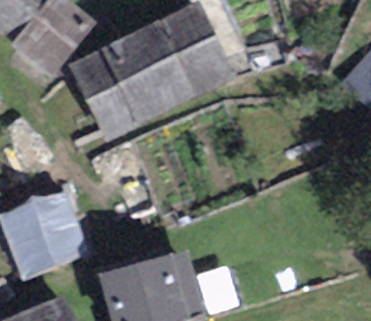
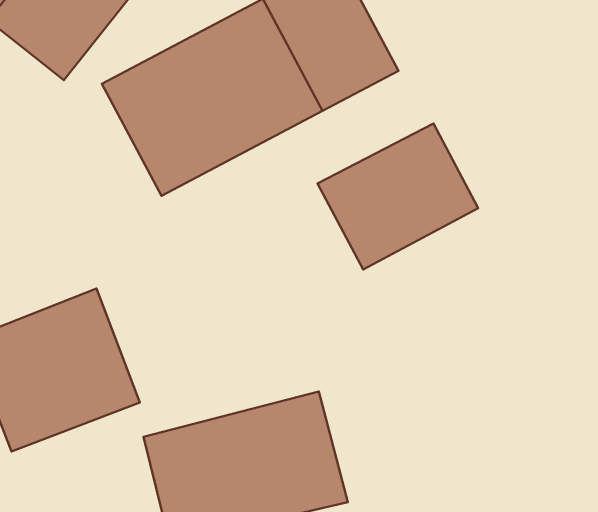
building: none -> [318,123,478,270]

